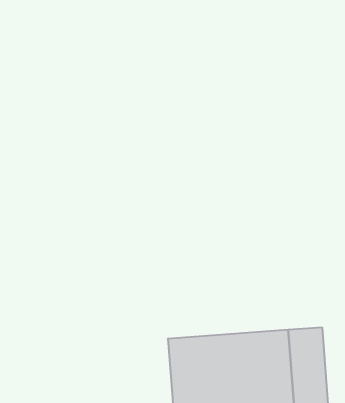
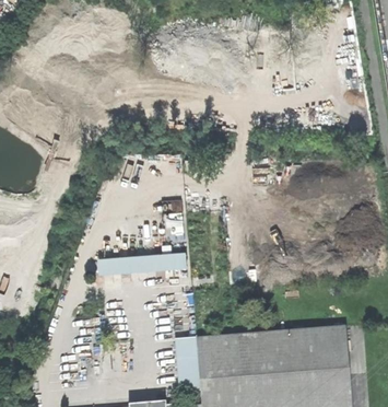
building: none -> [95,251,185,274]
building: none -> [177,337,200,391]

